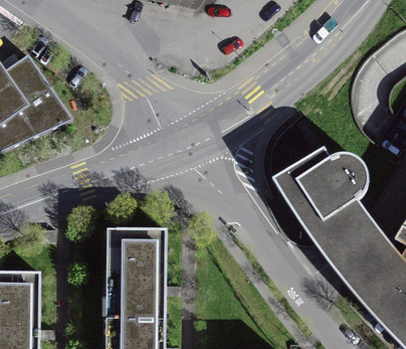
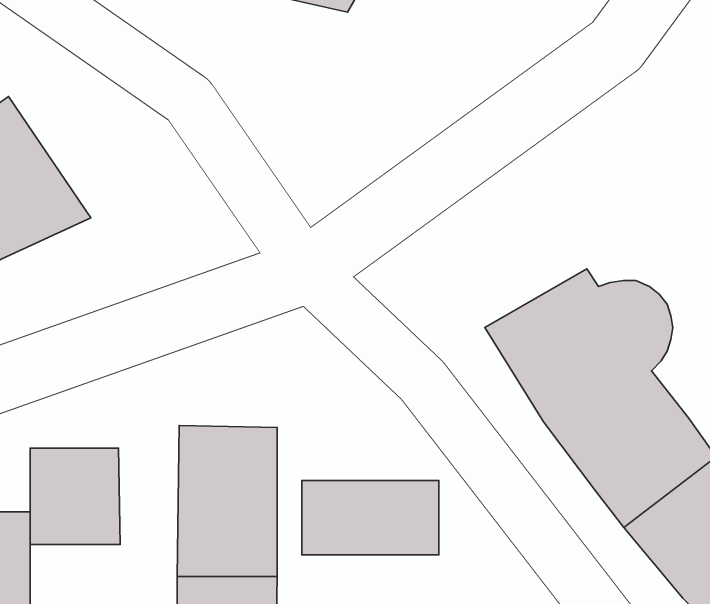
building: none -> [30,448,120,544]
building: none -> [302,480,439,555]

